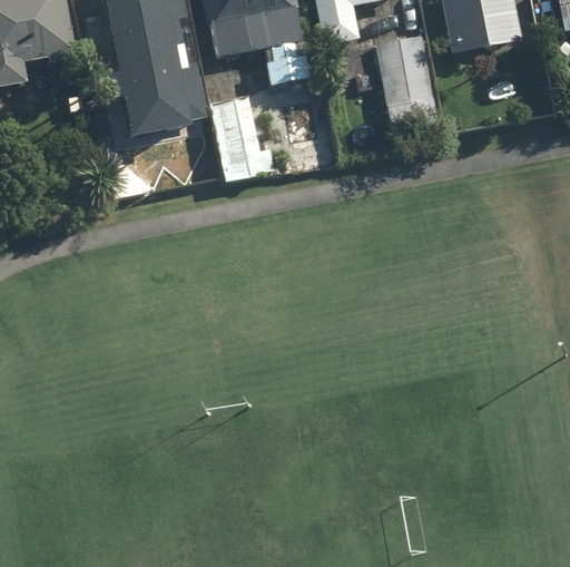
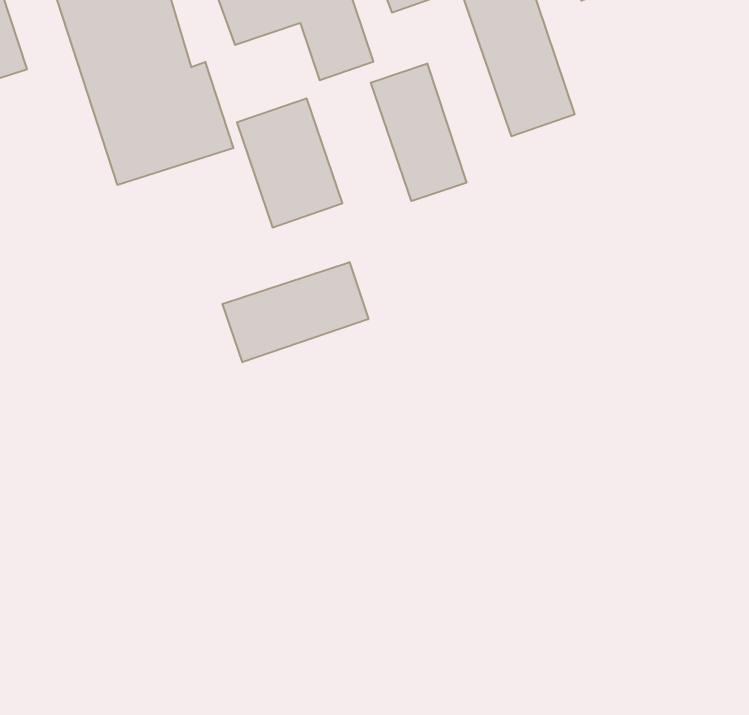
building: none -> [371,63,466,201]
building: none -> [223,262,368,362]

